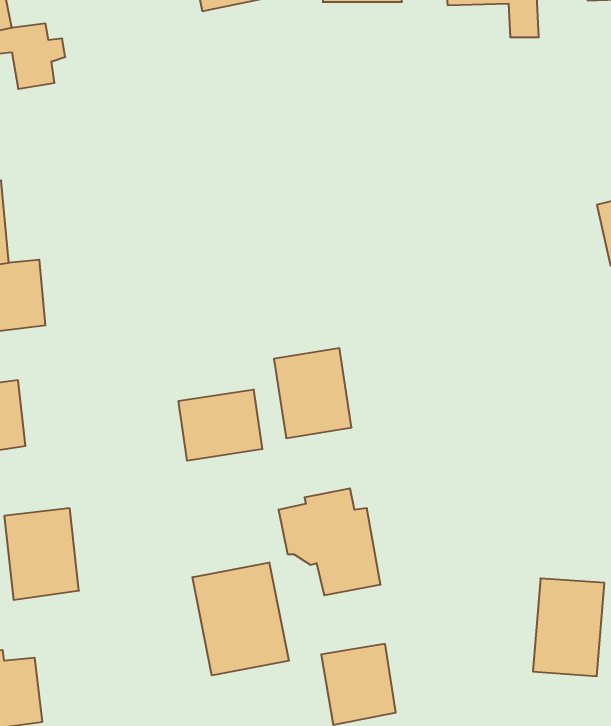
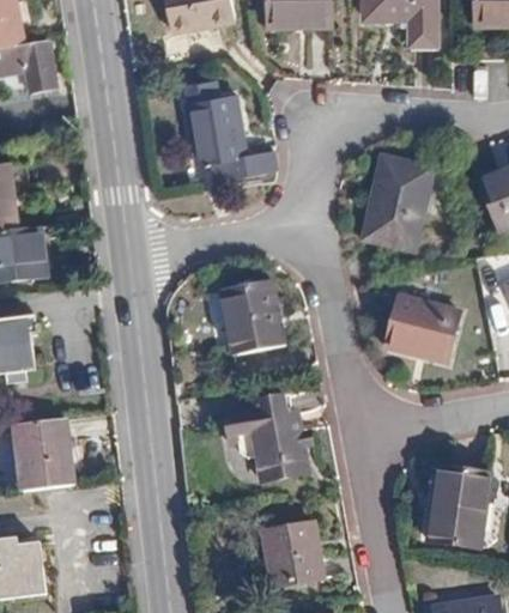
building: none -> [186,99,263,180]
building: none -> [370,162,434,249]
building: none -> [388,296,456,356]
building: [179,389,262,461] -> none
building: [192,562,289,675] -> none

